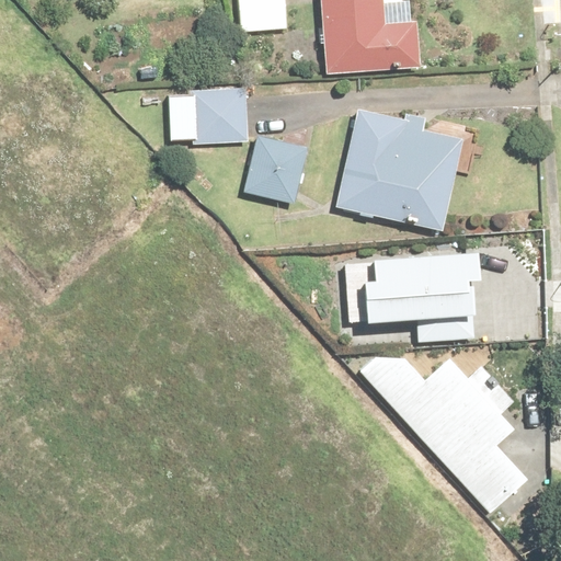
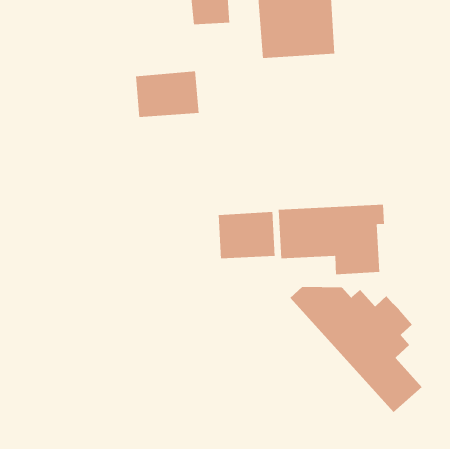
building: [336,111,460,229] -> none
building: [245,138,304,201] -> none
building: none -> [218,211,275,259]

